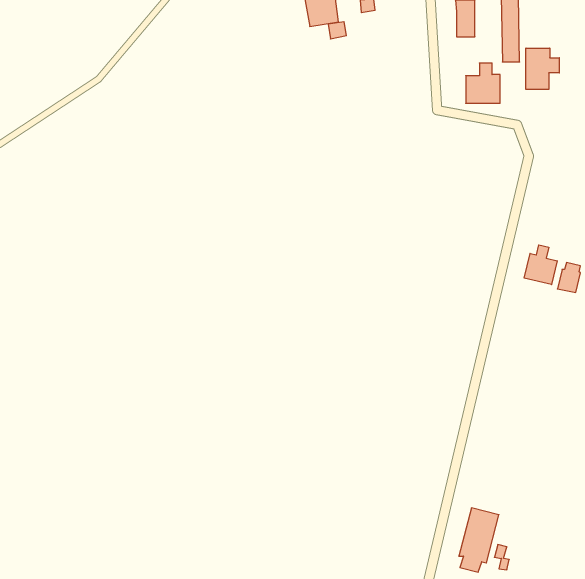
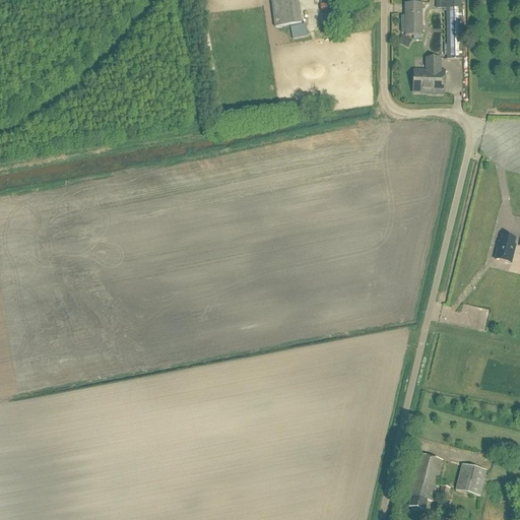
building: [526,48,559,89] -> none
building: [524,245,557,285] -> none
building: none -> [453,461,483,492]

